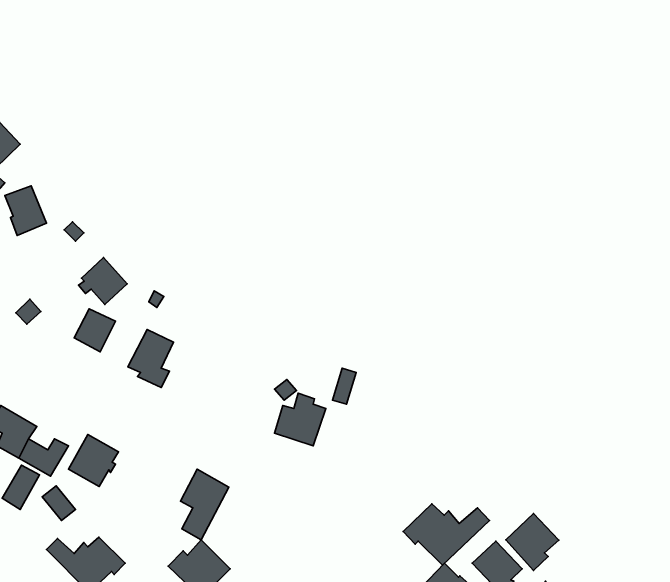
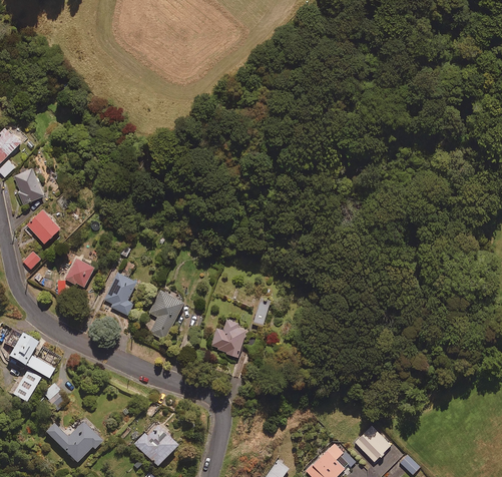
building: [79,258,127,305] -> [25,209,60,244]
building: [69,435,118,486] -> none
building: [180,469,229,540] -> [149,290,184,341]
building: [403,504,490,565] -> none
building: [506,514,559,570] -> none

